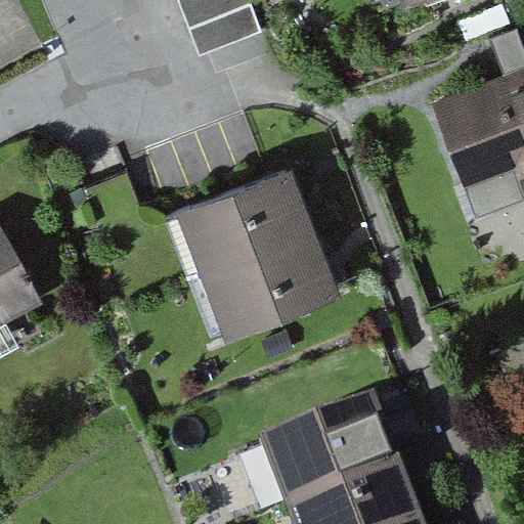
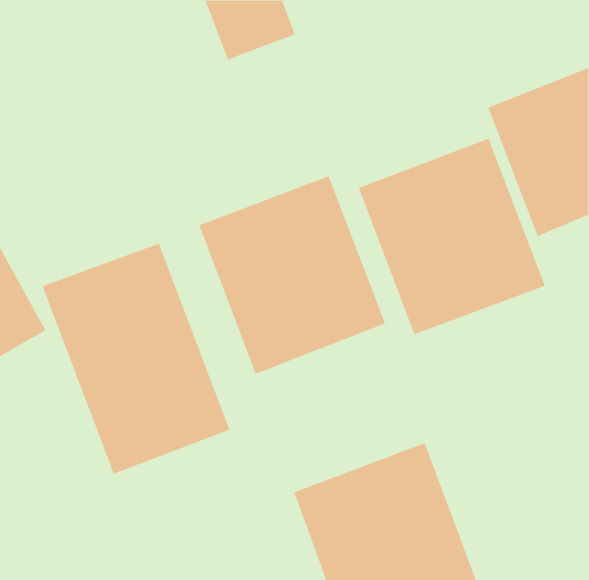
building: none -> [358,138,545,335]
building: none -> [42,243,230,474]

